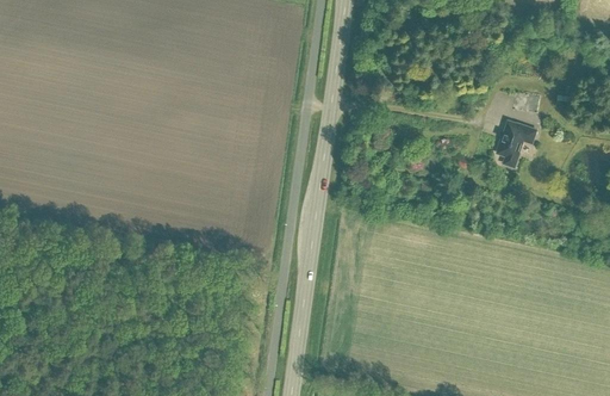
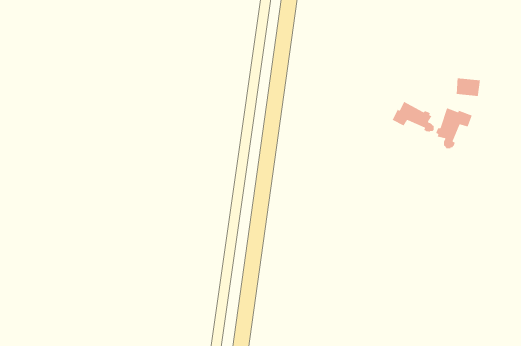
building: none -> [391,101,435,132]

